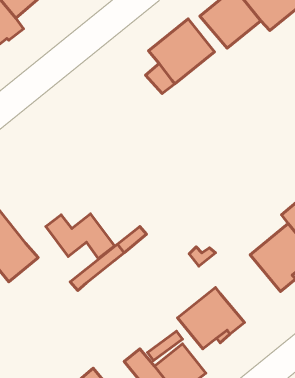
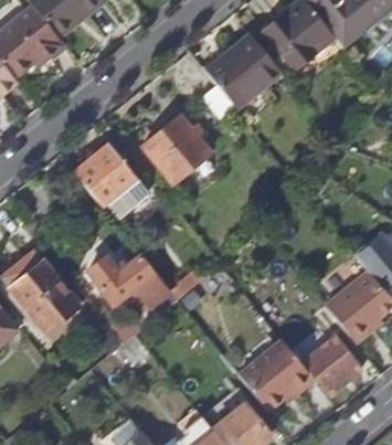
building: none -> [142,115,210,182]
building: none -> [74,144,148,220]
building: none -> [285,326,361,395]

